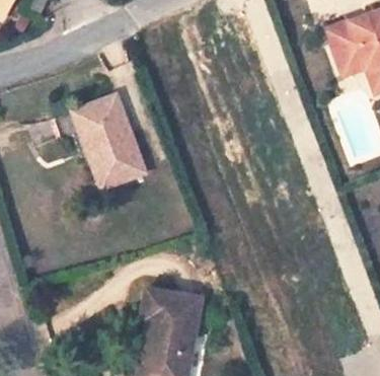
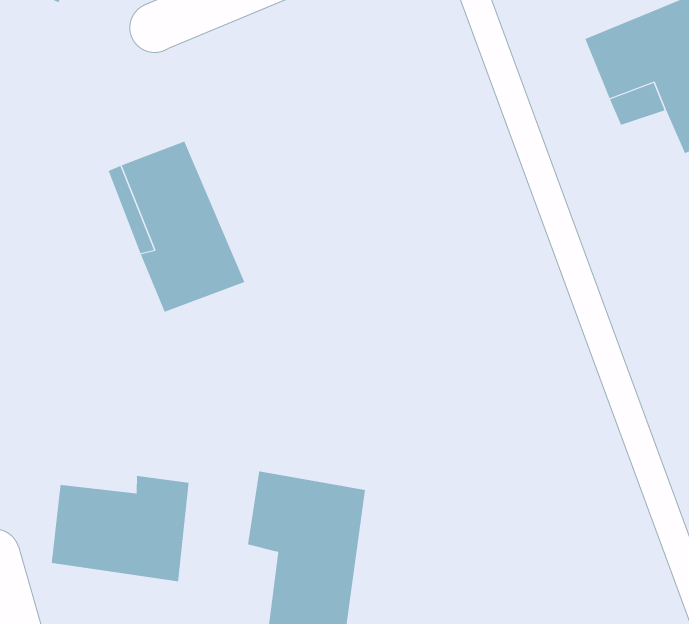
building: none -> [51,475,189,582]

